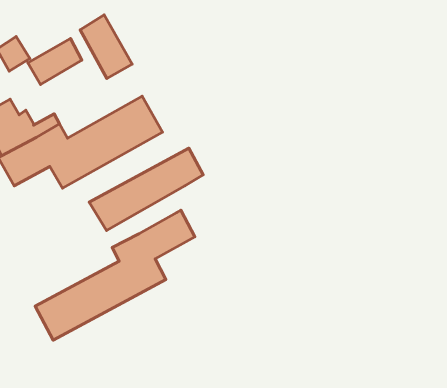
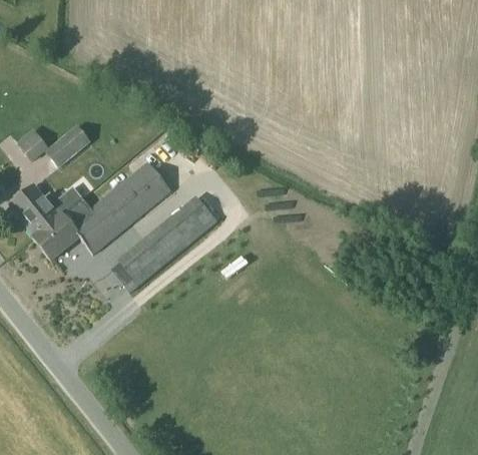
building: [80,15,132,78] -> none
building: [35,210,195,340] -> none

